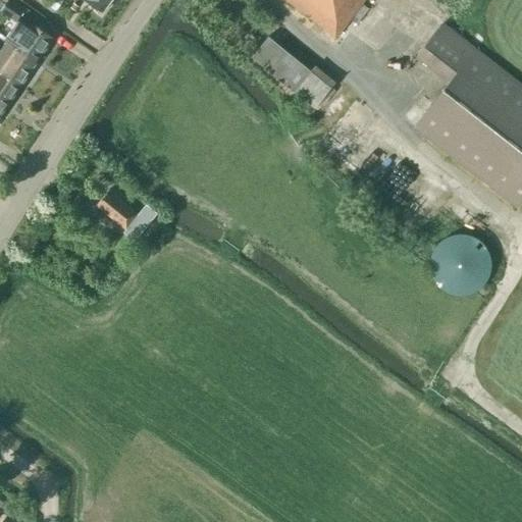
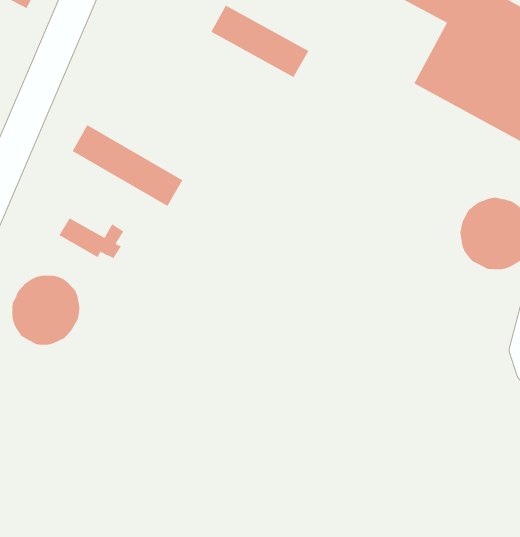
building: none -> [72,124,183,207]
building: none -> [12,275,80,346]

